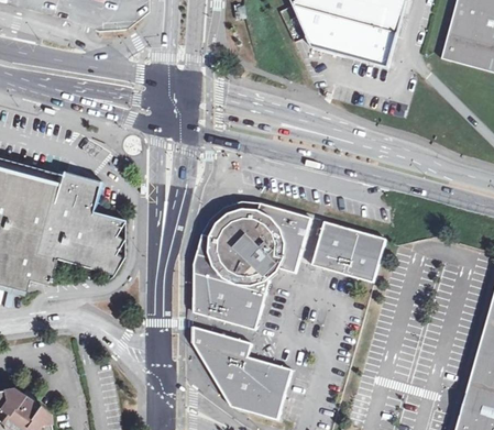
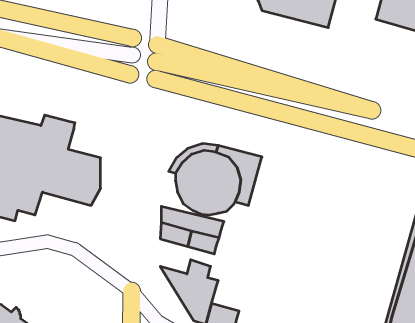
building: [314,221,388,282] -> none
building: [196,233,272,291] -> none
building: [195,326,230,352] -> none
building: [254,360,294,395] -> none

